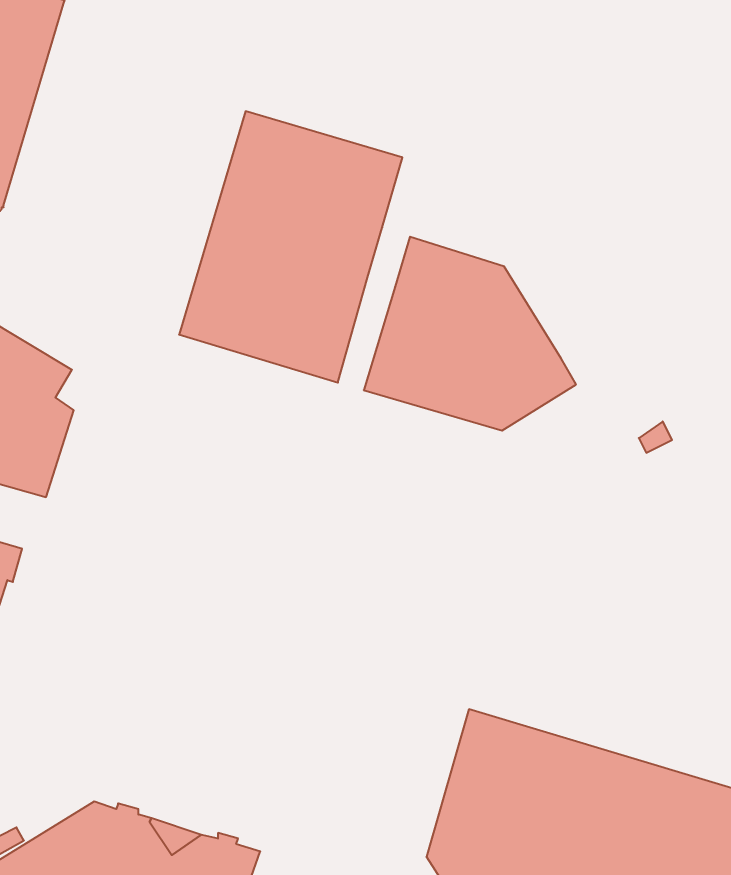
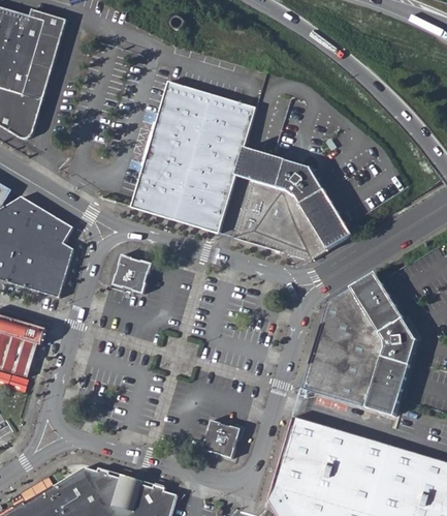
building: none -> [235,147,259,180]
building: none -> [111,255,151,294]
building: none -> [300,272,417,416]
building: none -> [200,422,238,460]

